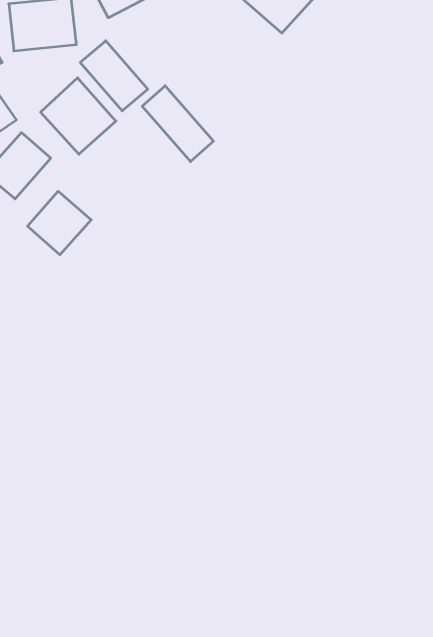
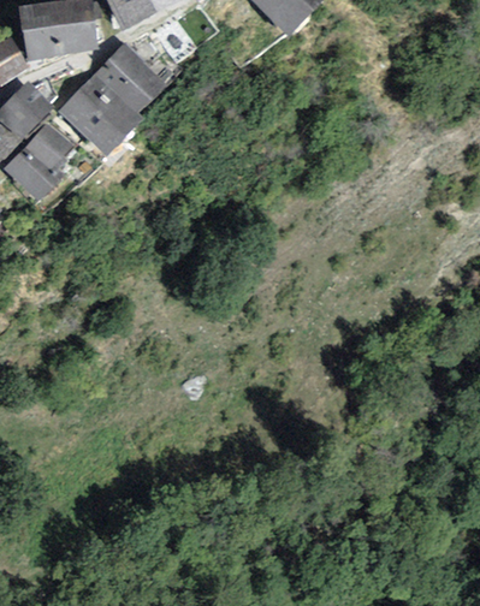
building: [142,86,213,162] -> none
building: [28,191,91,255] -> none

